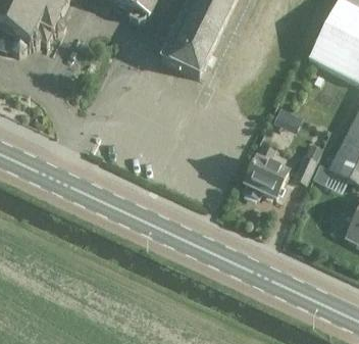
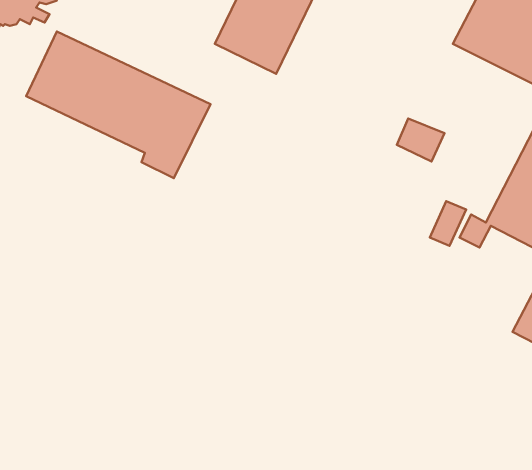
building: none -> [26,32,210,178]
building: [243,142,289,197] -> none

